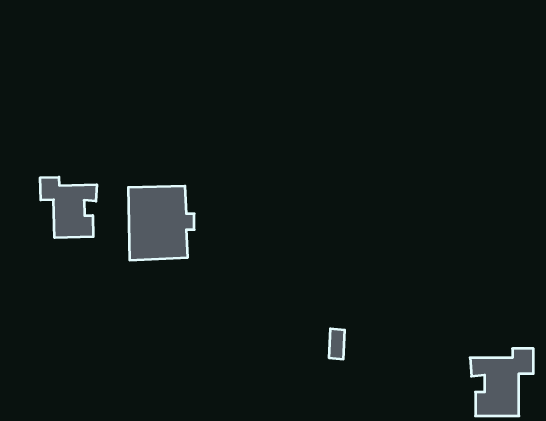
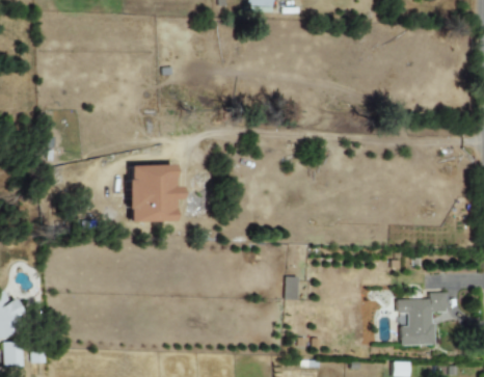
building: [40,177,97,238] -> none

